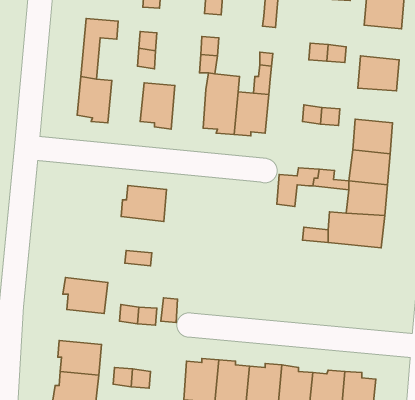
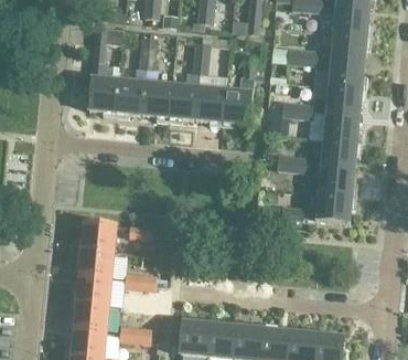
building: none -> [331,32,366,62]
building: none -> [115,80,146,117]
building: none -> [169,84,198,123]
building: none -> [326,86,362,116]
building: [121,186,166,222] -> [78,222,117,253]
building: none -> [73,276,111,306]

